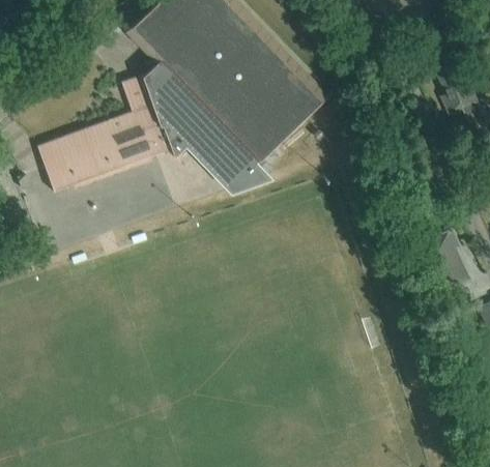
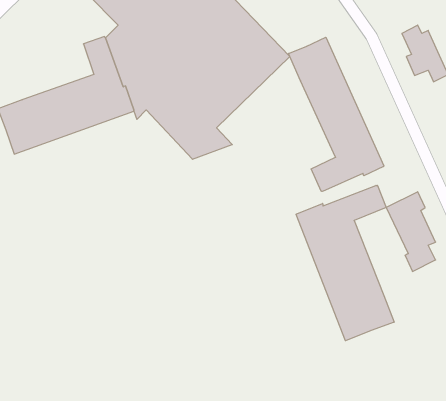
building: none -> [289,37,384,191]
building: none -> [296,185,394,341]

